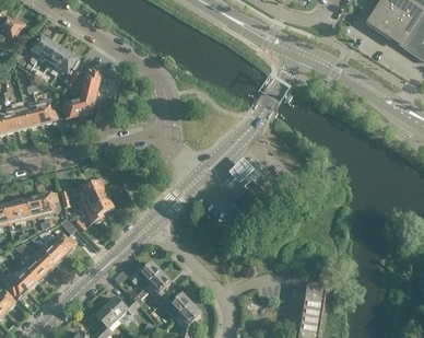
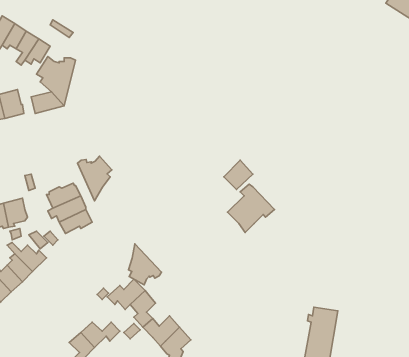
building: none -> [77,156,112,201]
building: none -> [128,244,162,285]

